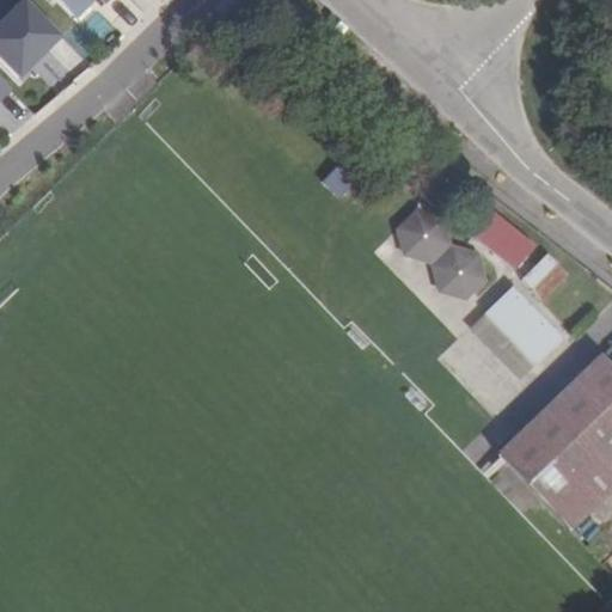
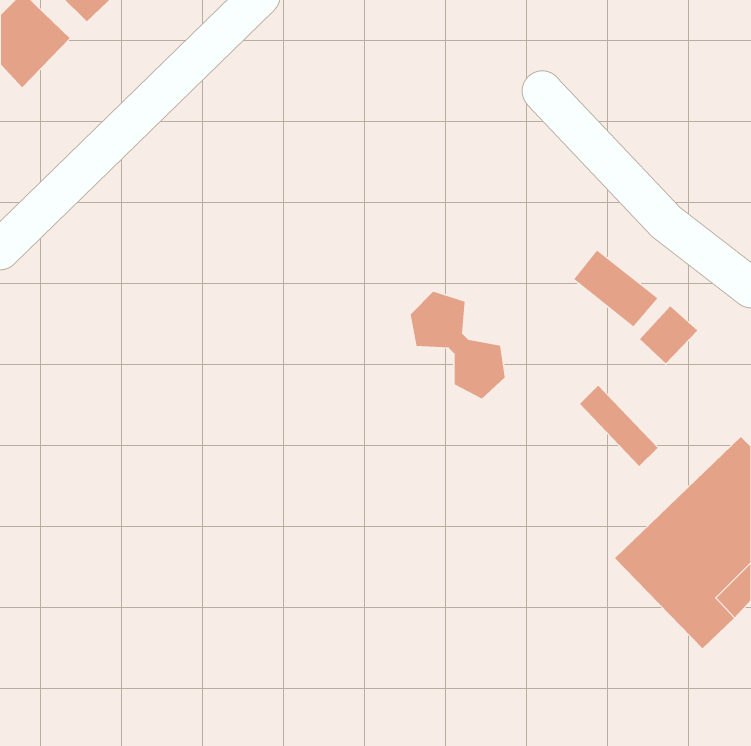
building: [405,209,483,298] -> [410,291,505,400]
building: [486,287,563,365] -> none

